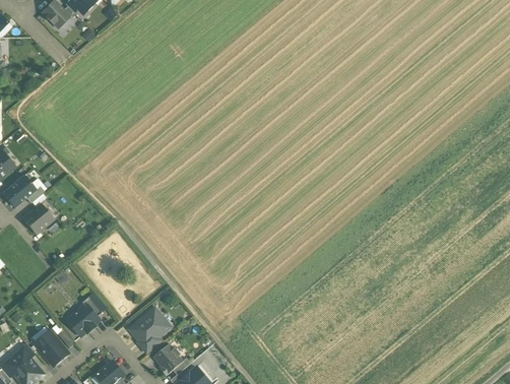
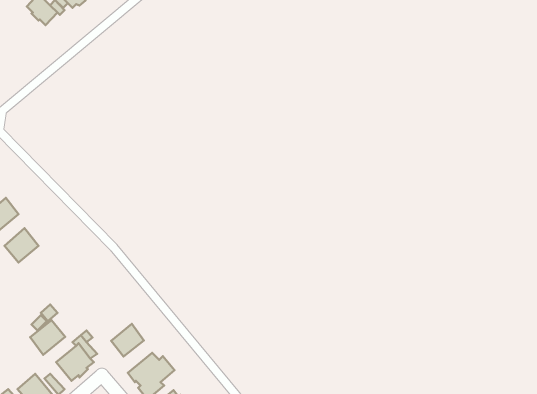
building: none -> [30,320,65,355]
building: none -> [111,324,144,356]

